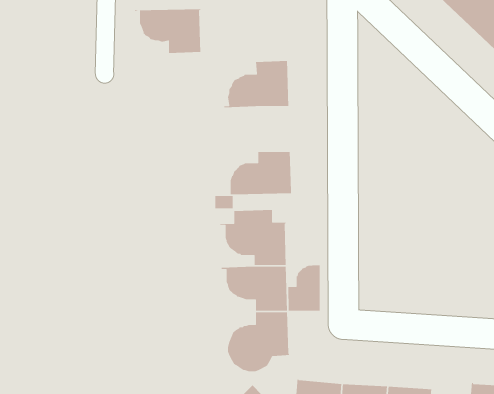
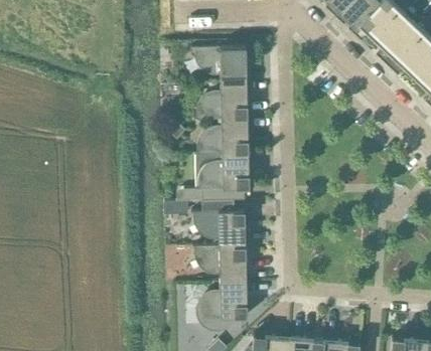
building: [134,8,201,54] -> [192,46,246,82]
building: none -> [195,119,248,155]
building: [287,262,320,312] -> none

